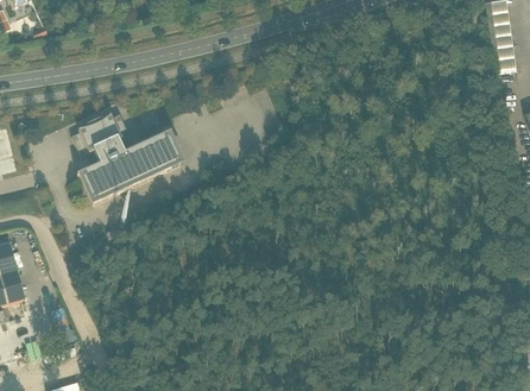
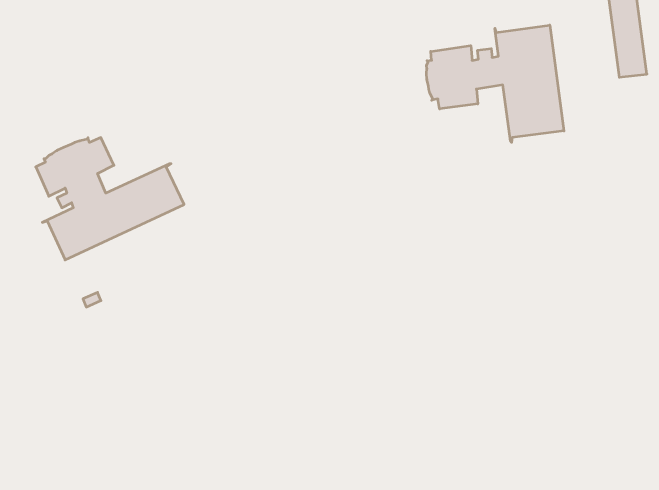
building: none -> [426,25,564,142]

